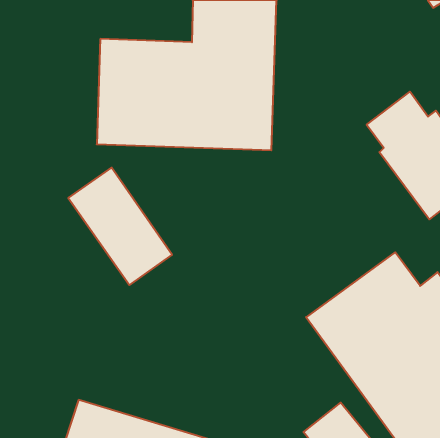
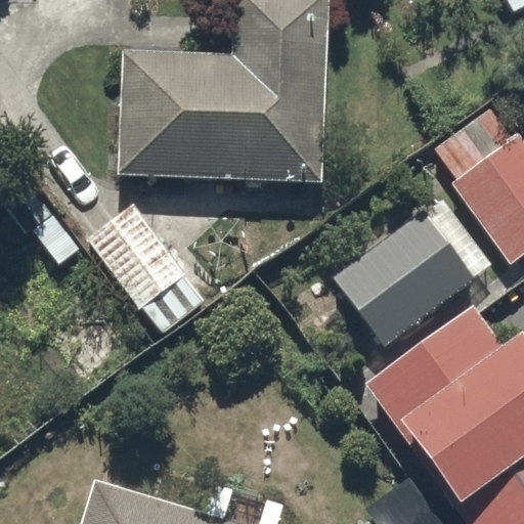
building: none -> [334,210,479,350]

